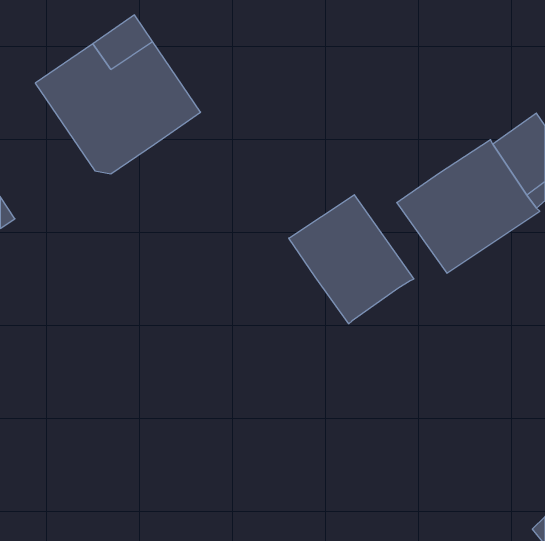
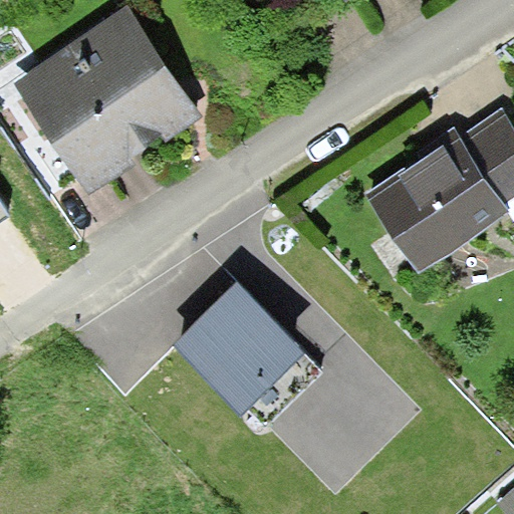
building: [289,195,414,324] -> none
building: none -> [171,284,315,434]

